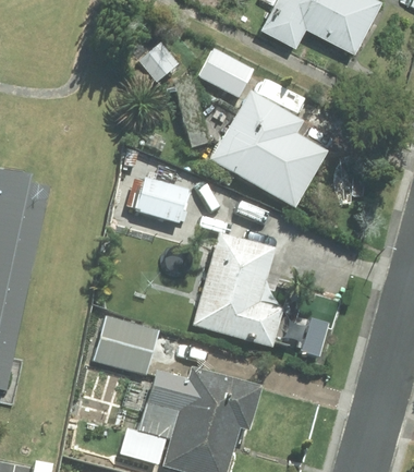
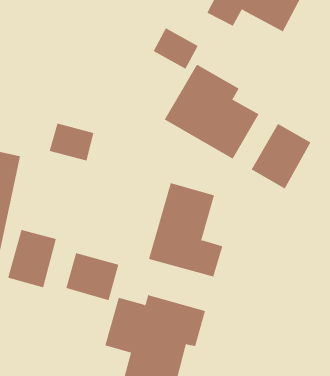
building: none -> [251,123,311,189]
building: [135,178,190,223] -> [49,123,94,161]
building: none -> [8,229,57,288]

